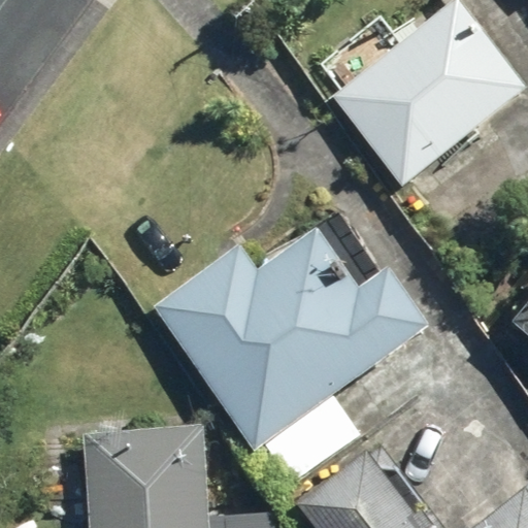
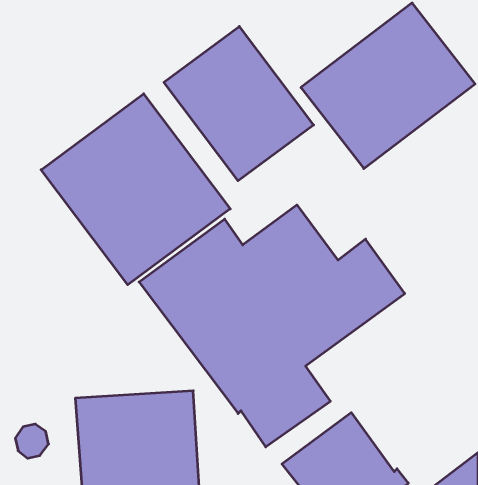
building: none -> [164,26,314,181]
building: none -> [41,94,230,285]

